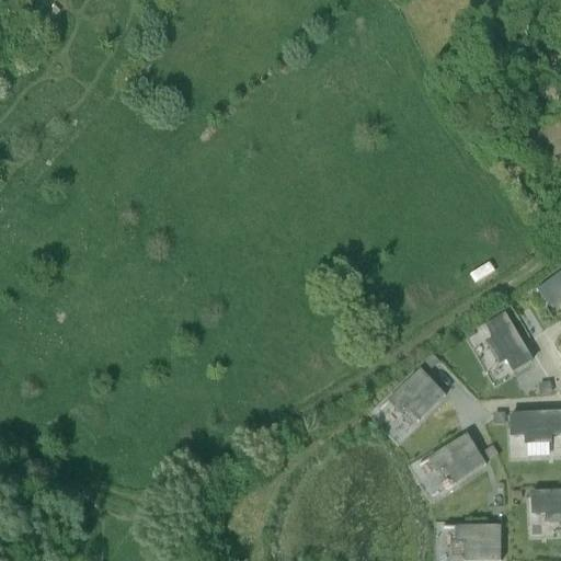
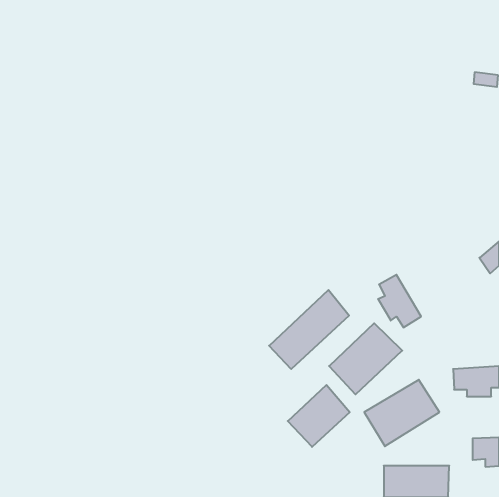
building: [484,314,533,374] -> [378,275,421,327]
building: none -> [269,290,349,369]
building: none -> [288,385,350,447]

